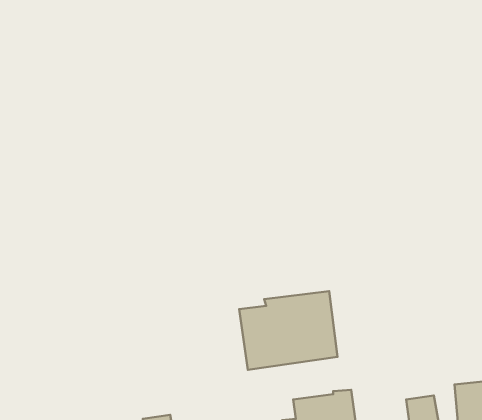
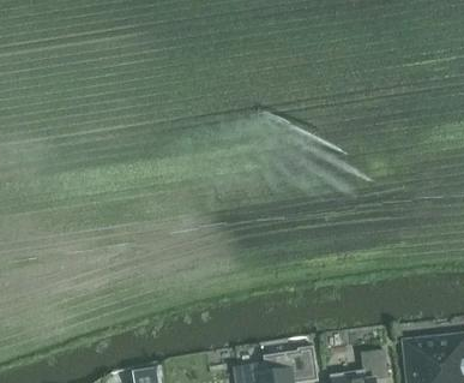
building: [239,291,337,370] -> none

